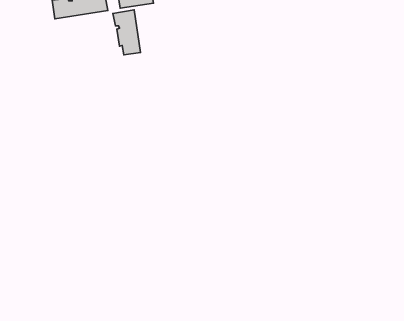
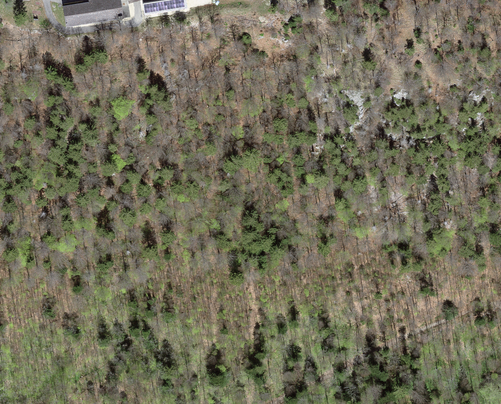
building: [113,10,141,55] -> none

